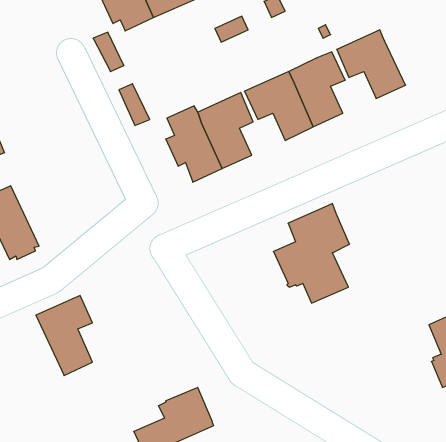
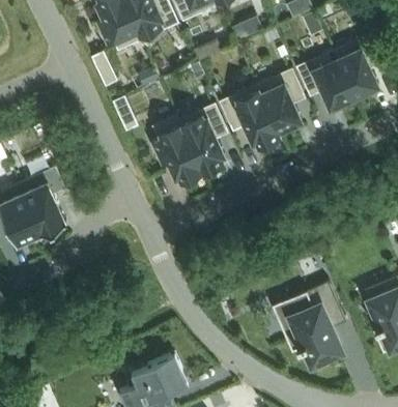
building: none -> [330,35,377,98]
building: [273,204,350,303] -> [280,281,344,365]
building: [36,296,92,376] -> [19,167,66,234]

